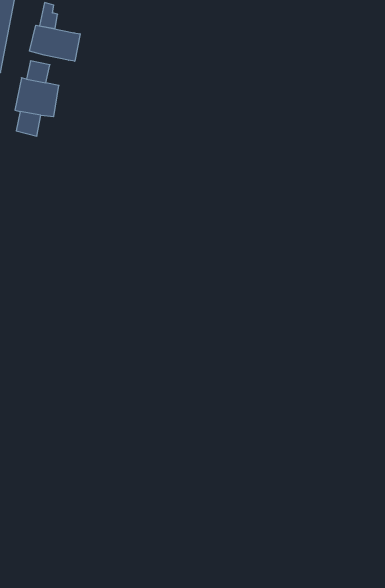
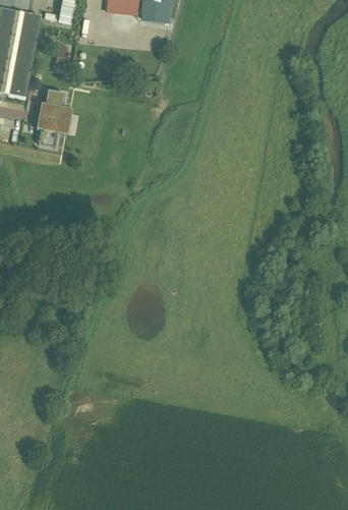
building: [30,25,80,61] -> none

